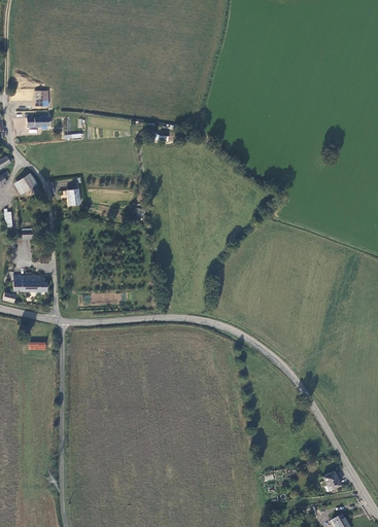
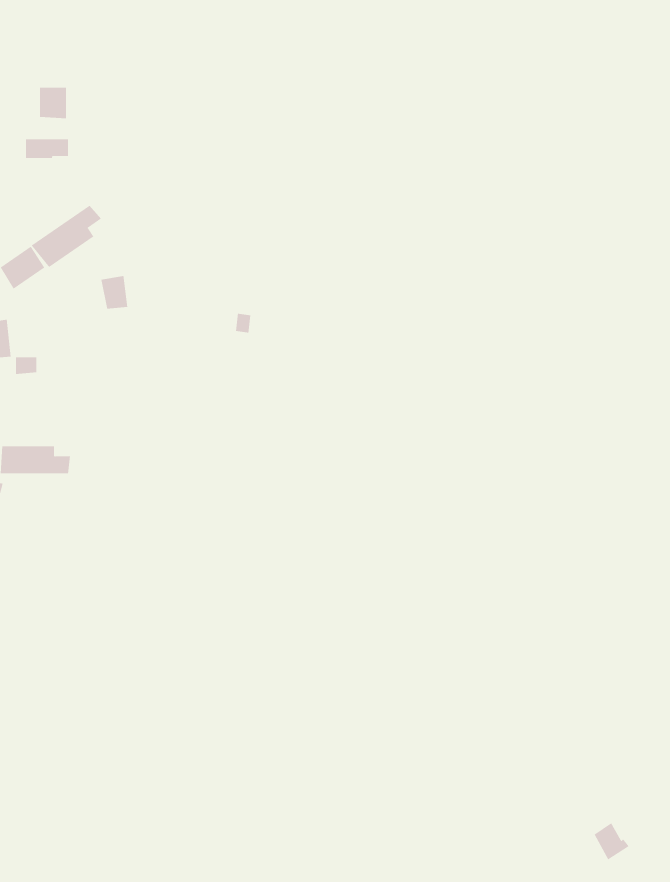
building: none -> [31,205,102,268]

